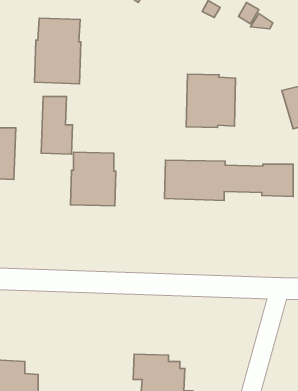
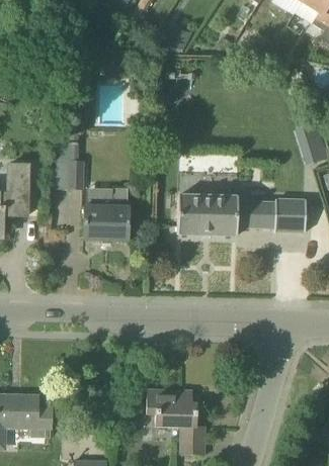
building: [35,18,81,84] -> none
building: [186,74,236,128] -> none

